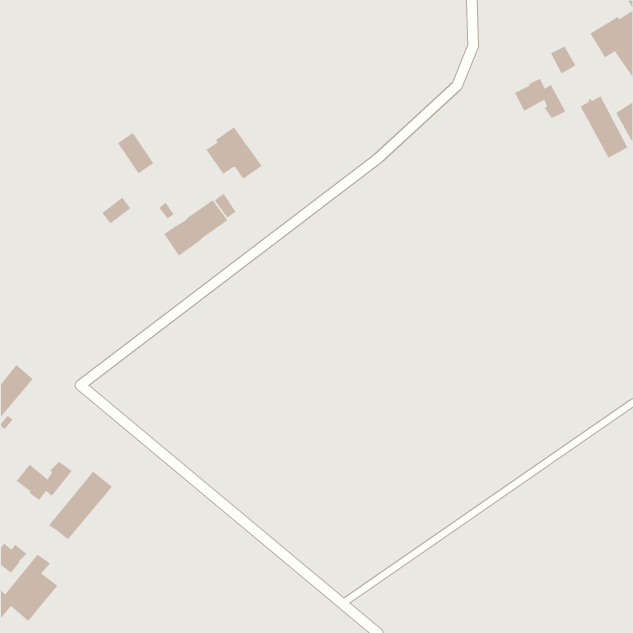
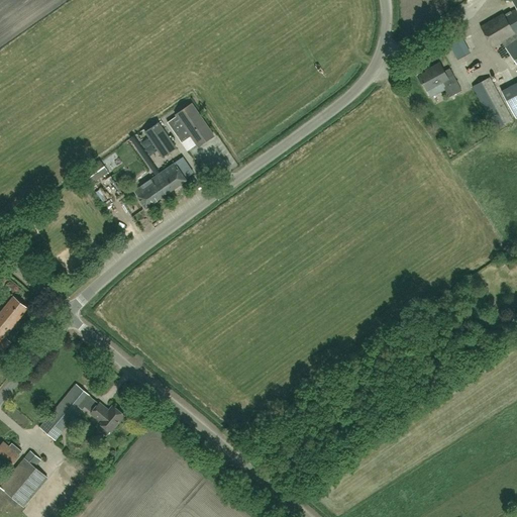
building: [117,132,154,174] -> [146,122,177,157]
building: [16,461,73,501] -> none
building: none -> [91,403,124,432]

